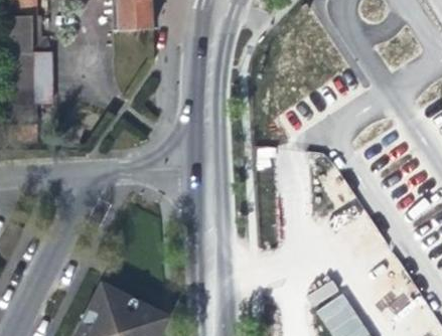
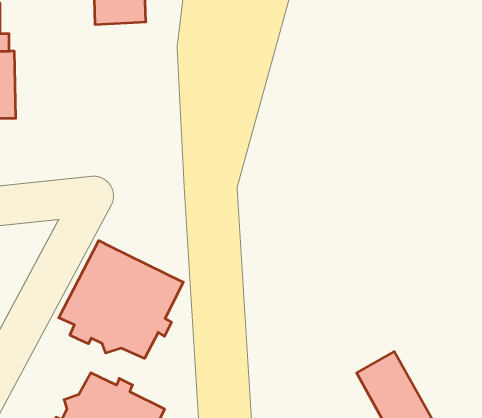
building: none -> [59,241,183,358]

